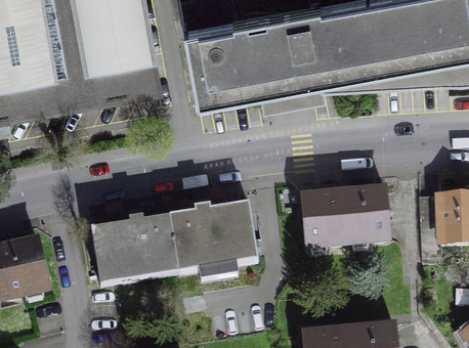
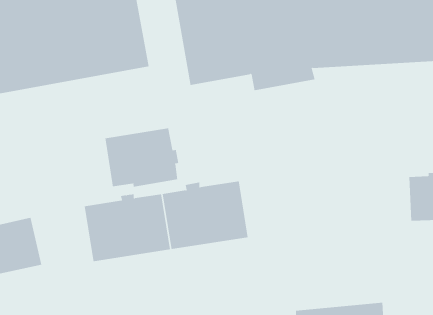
building: none -> [105,128,179,187]
building: [302,186,389,243] -> none

